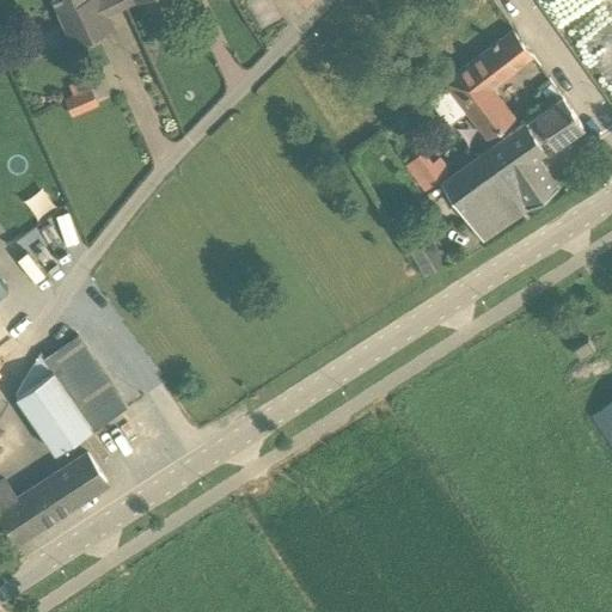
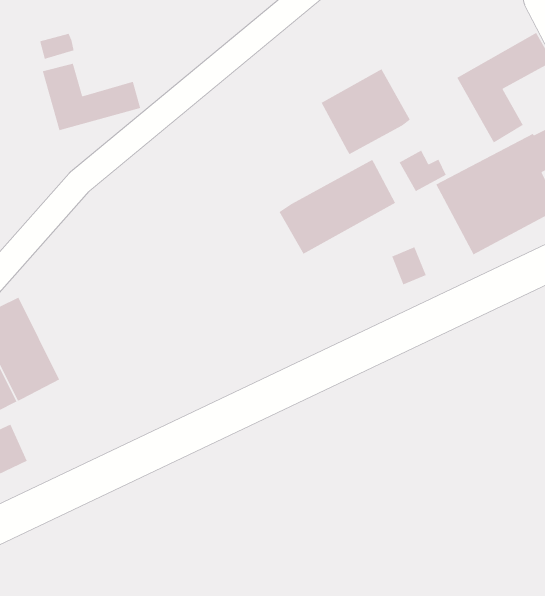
building: none -> [320,68,411,155]
building: none -> [42,63,141,131]
building: none -> [279,159,396,255]

